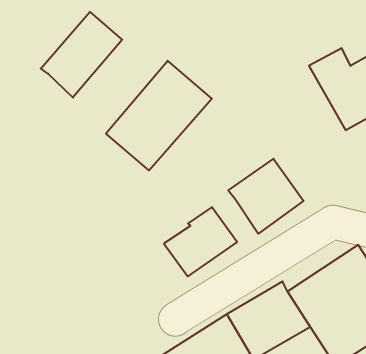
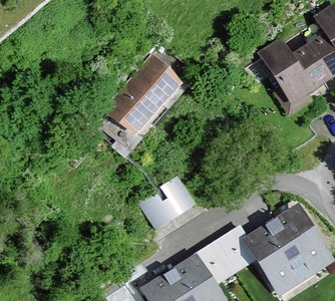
building: [41,12,122,98] -> none
building: [228,159,304,234] -> none

